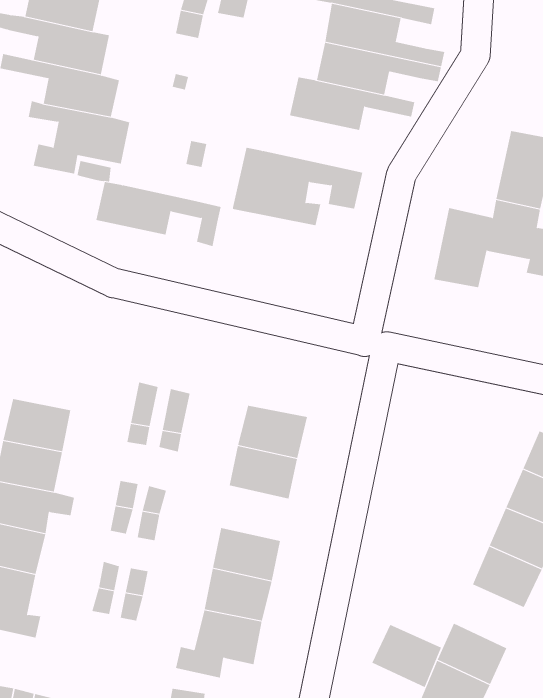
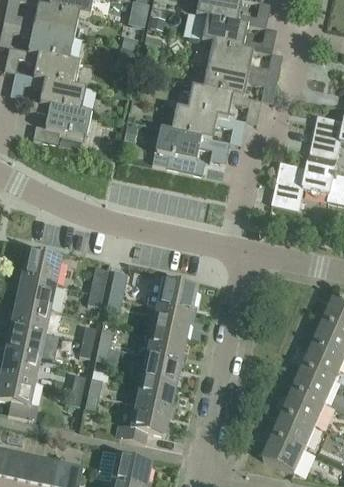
building: [96,182,221,247] -> [169,106,244,145]
building: none -> [20,252,60,284]
building: none -> [144,329,185,362]
building: [371,624,442,688] -> [283,388,325,426]

